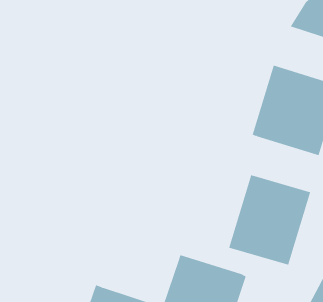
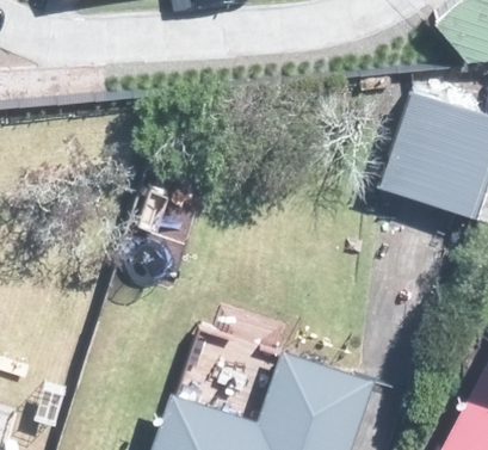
building: [228,175,311,265] -> none

